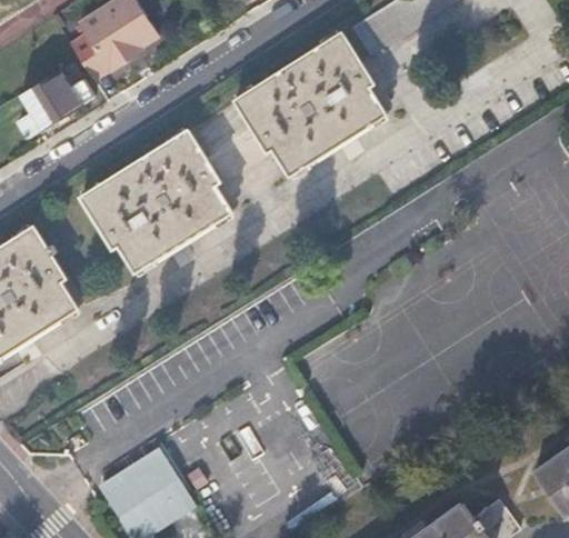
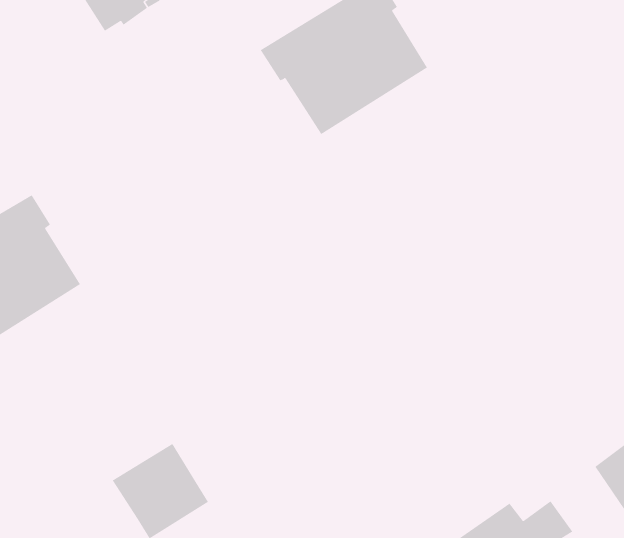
building: [16,69,92,134] -> none
building: [81,128,232,271] -> none

